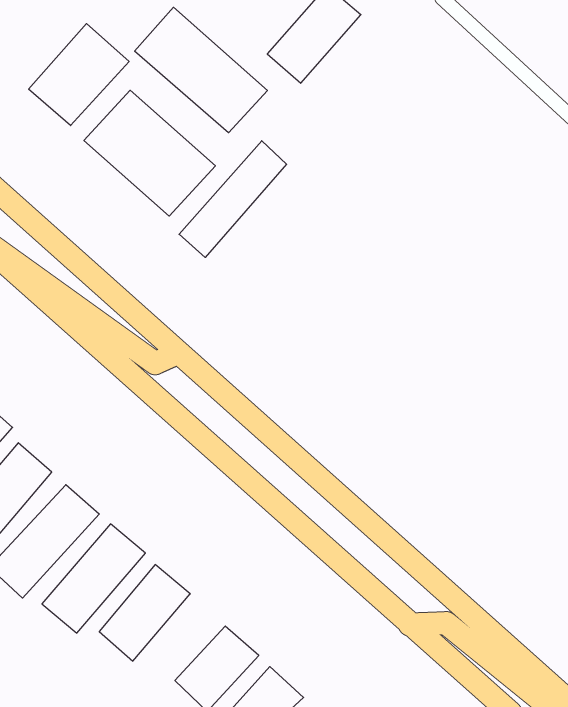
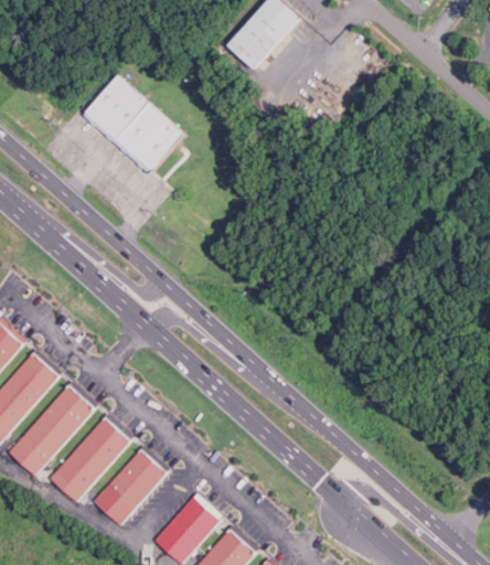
building: [135,7,267,133] -> none
building: [29,24,129,126] -> none
building: [179,141,287,257] -> none

